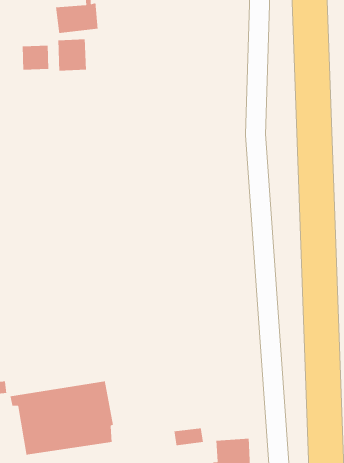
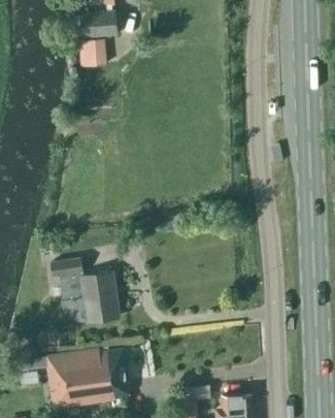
building: [22,45,49,70] -> none
building: none -> [48,258,118,322]

